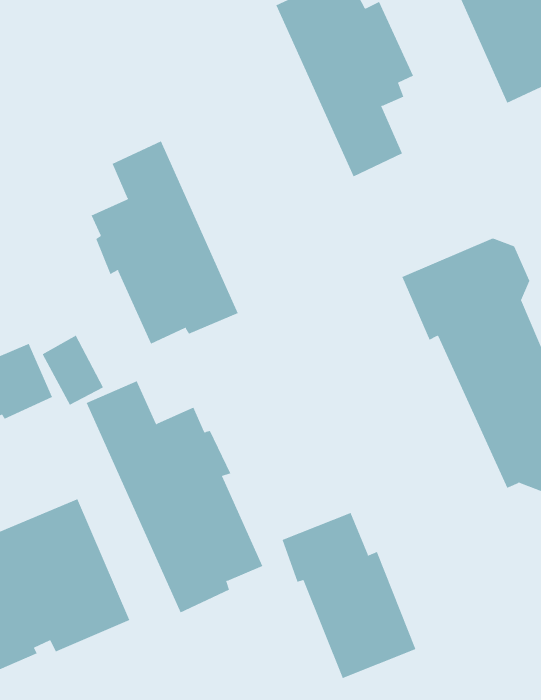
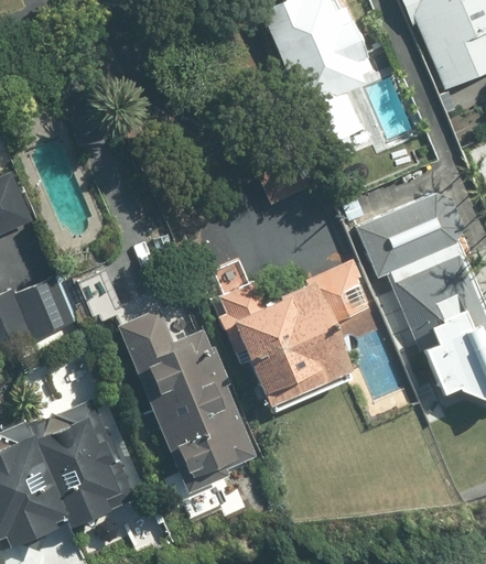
building: [91,141,238,345] -> none
building: none -> [214,259,371,401]
building: [282,512,416,679] -> none

